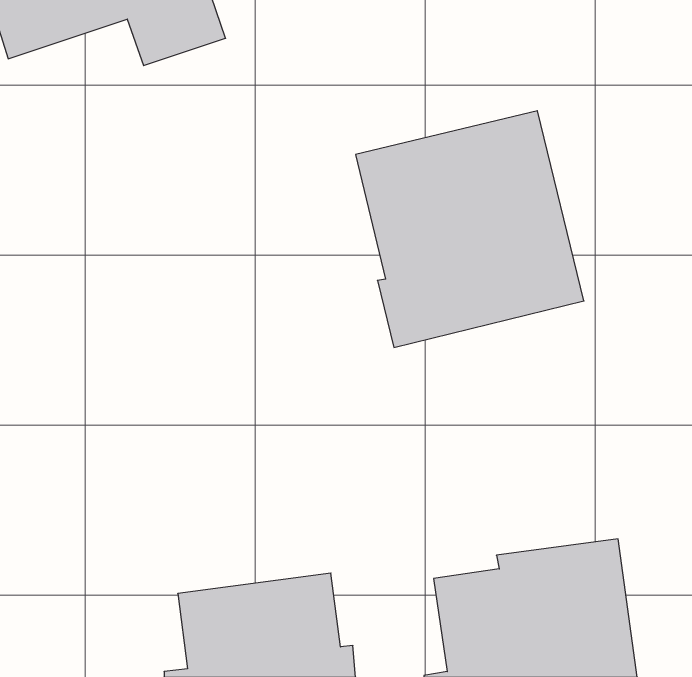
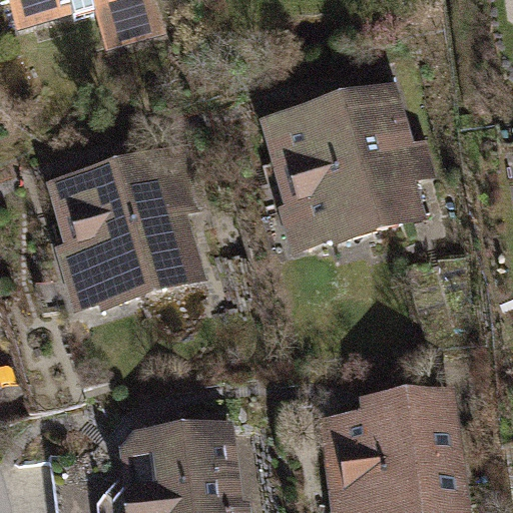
building: none -> [47,149,208,314]

